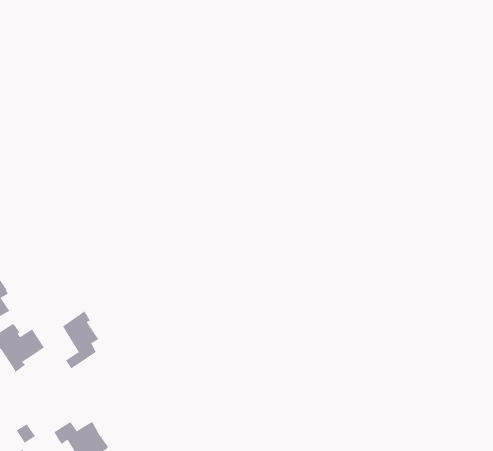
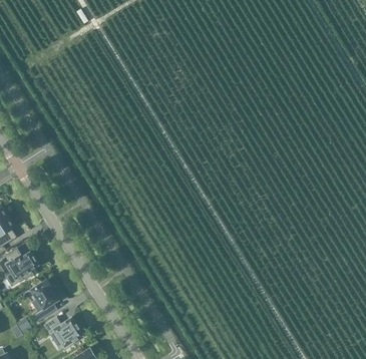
building: [62,311,99,369] -> [30,280,56,321]

